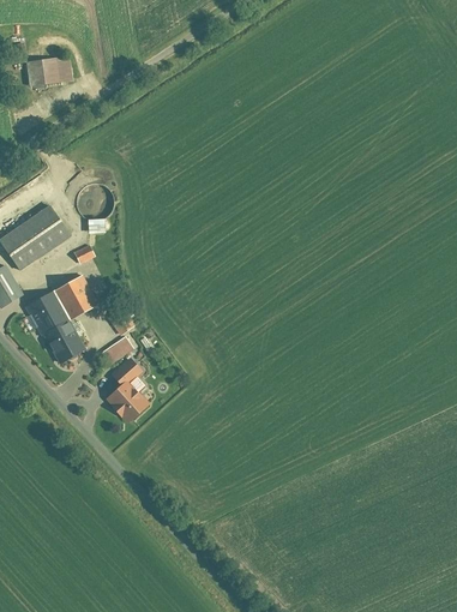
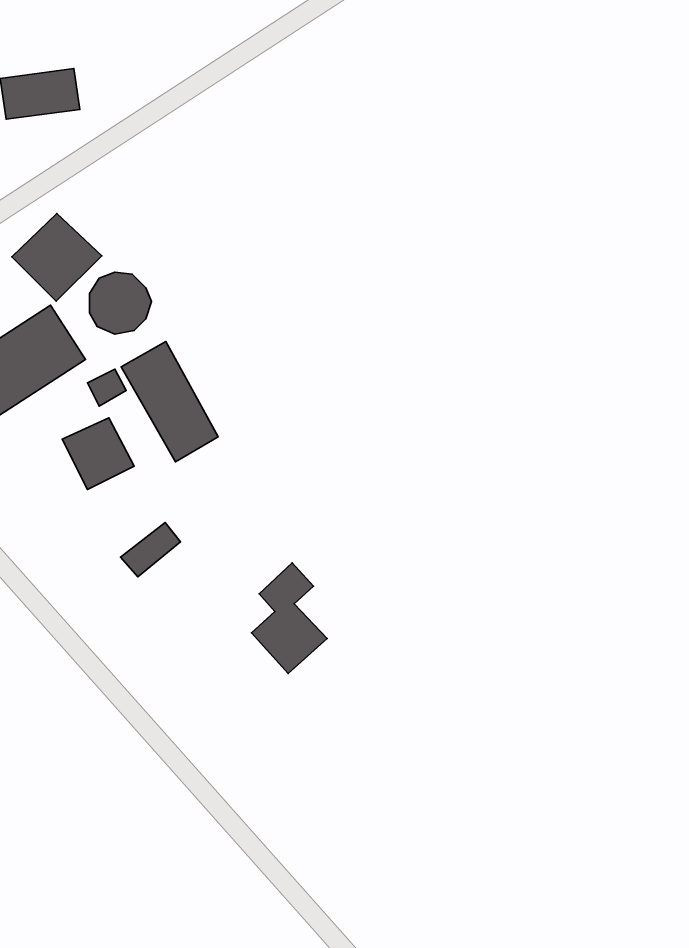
building: none -> [12,213,102,301]
building: [25,293,85,367] -> [121,342,218,462]
building: [107,356,154,425] -> [251,563,327,673]

